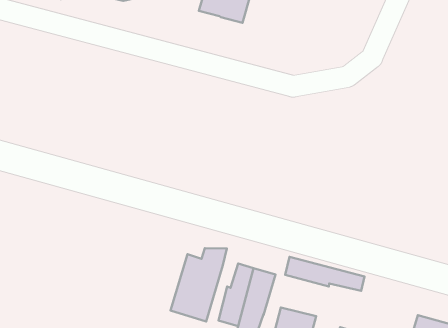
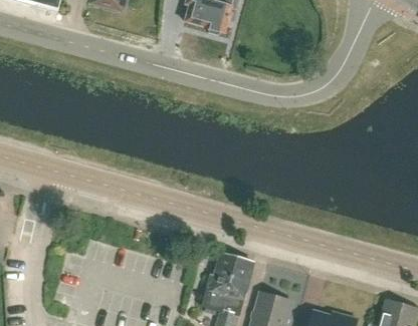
building: [171,248,227,321] -> none
building: [285,257,364,291] -> none

